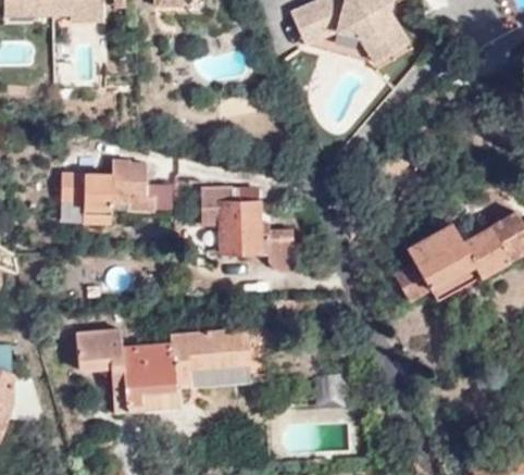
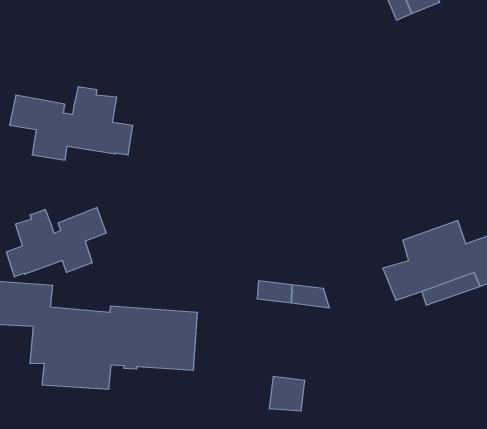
building: [203,187,292,271] -> none
building: none -> [7,207,106,277]

